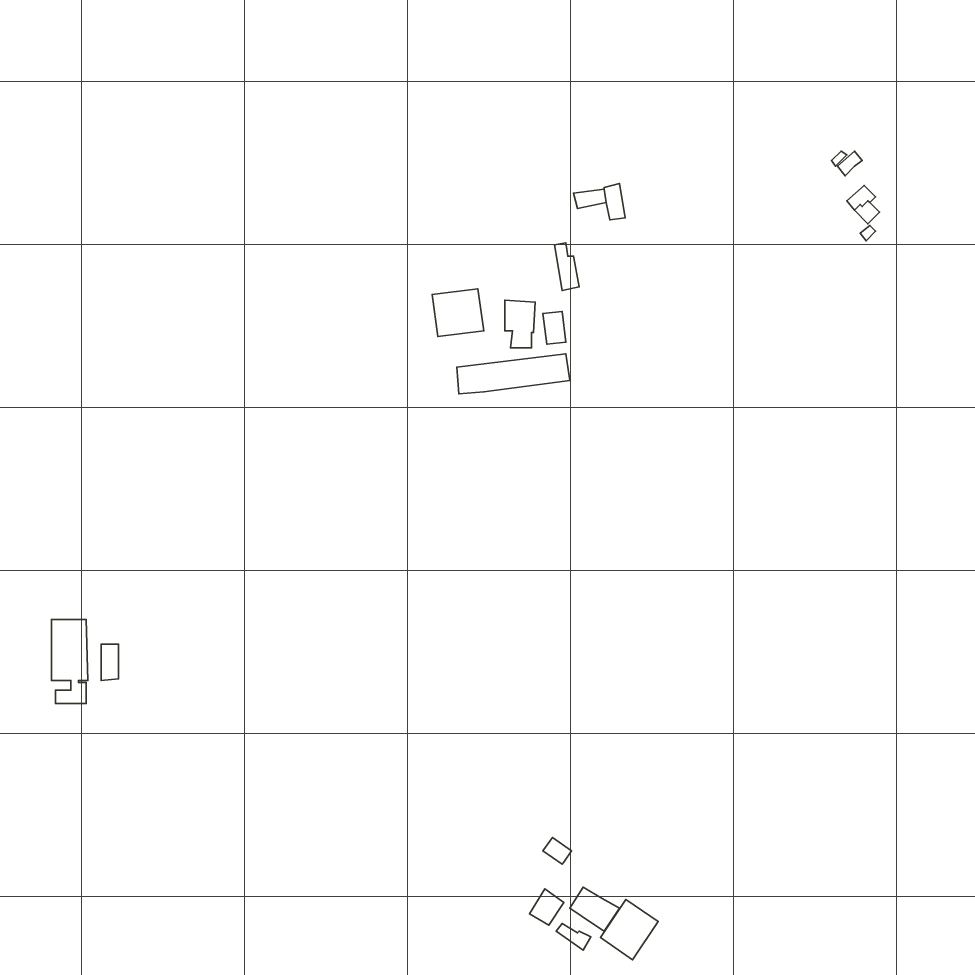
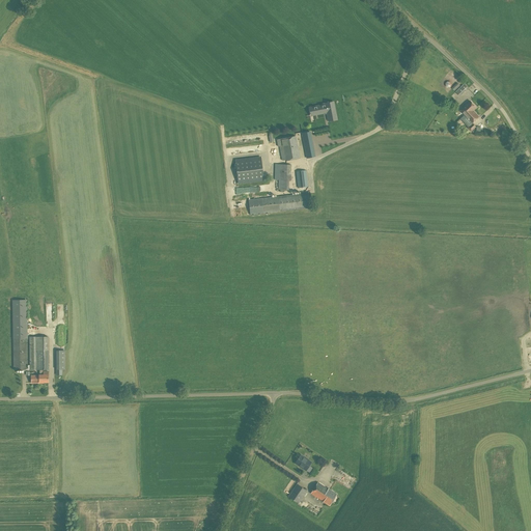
building: none -> [276,135,299,160]
building: none -> [11,299,26,369]
building: [600,900,658,960] -> none

